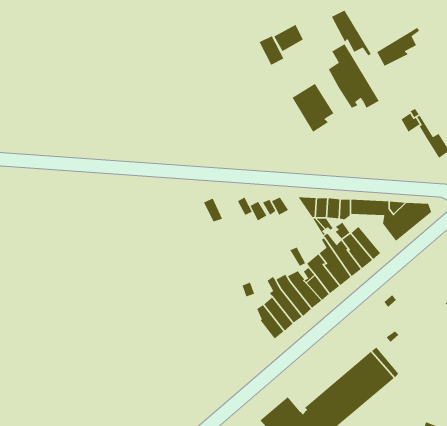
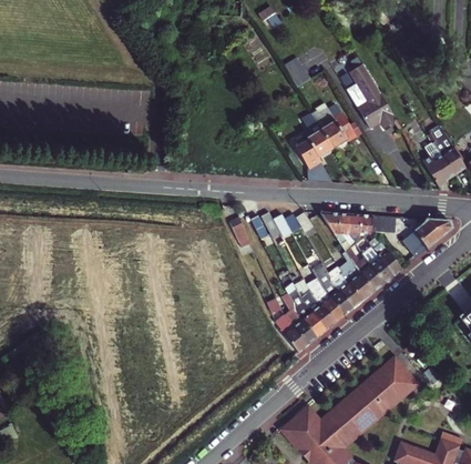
building: [331,10,372,57] -> none
building: [376,27,420,67] -> none
building: none -> [294,115,334,170]
building: none -> [429,154,457,185]

